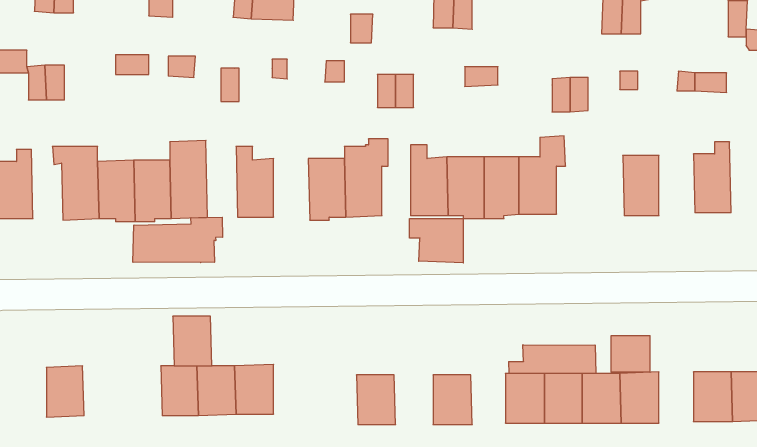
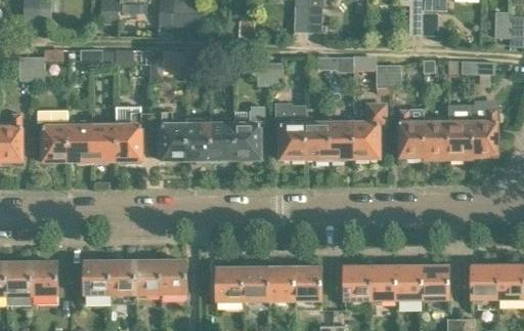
building: none -> [447,105,473,159]
building: none -> [398,110,425,159]
building: none -> [186,120,211,162]
building: [133,217,223,263] -> none
building: [410,219,463,263] -> none
building: [173,316,212,366] -> [84,261,111,295]
building: [611,336,650,372] -> none
building: [509,345,596,373] -> none
building: none -> [6,262,32,296]
building: none -> [217,267,244,301]
building: none -> [268,267,295,301]

